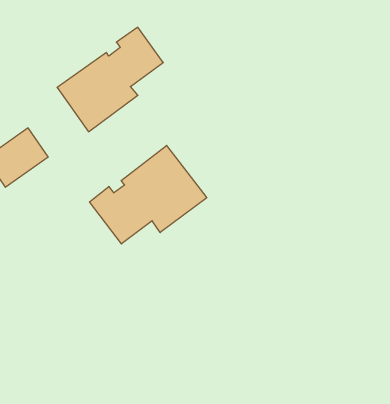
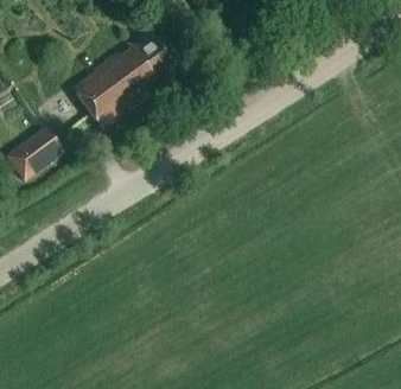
building: [89,145,207,244] -> none

